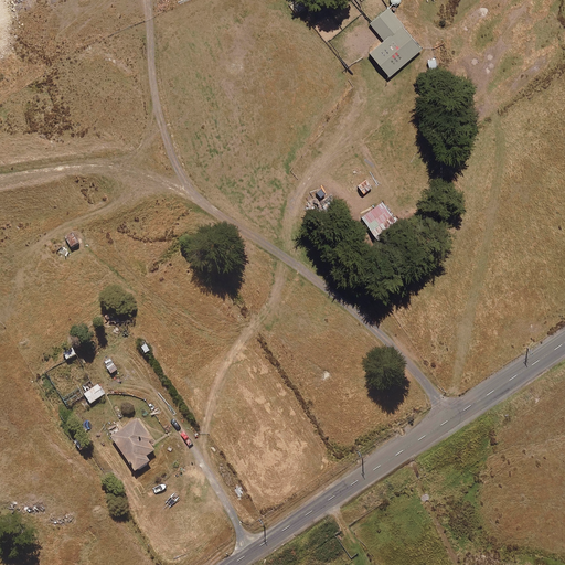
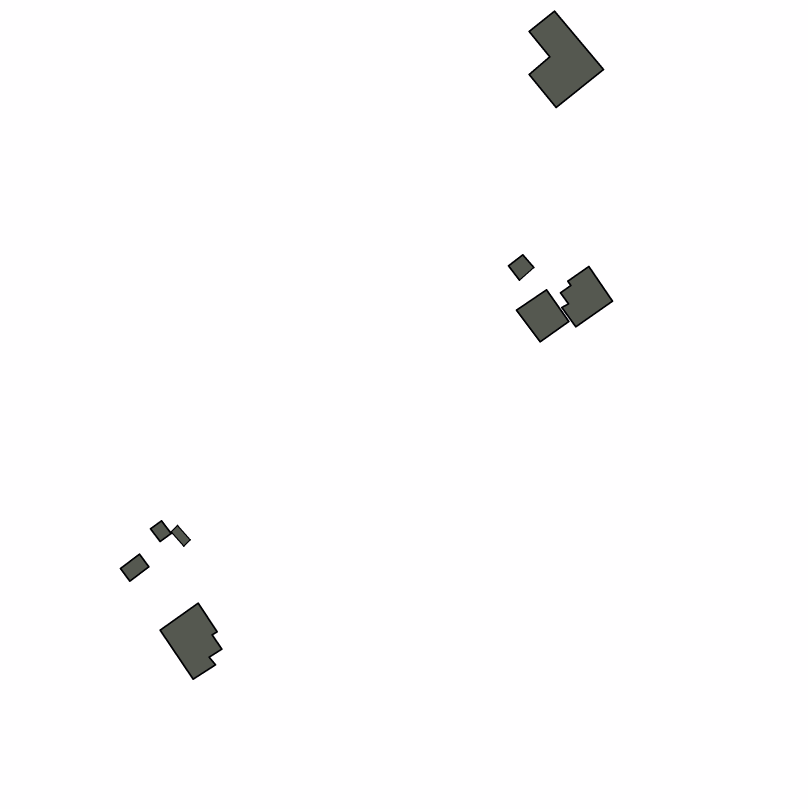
building: none -> [560,266,612,327]

